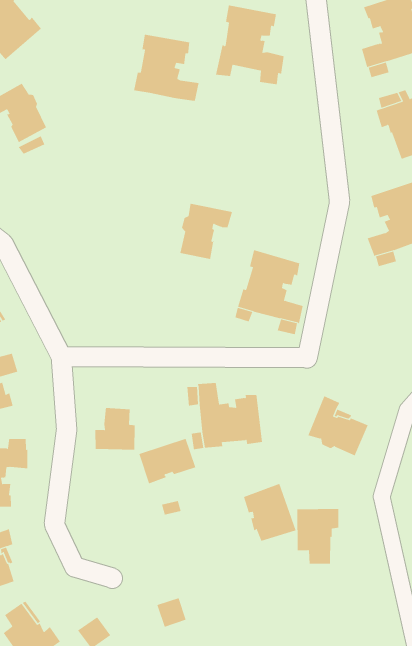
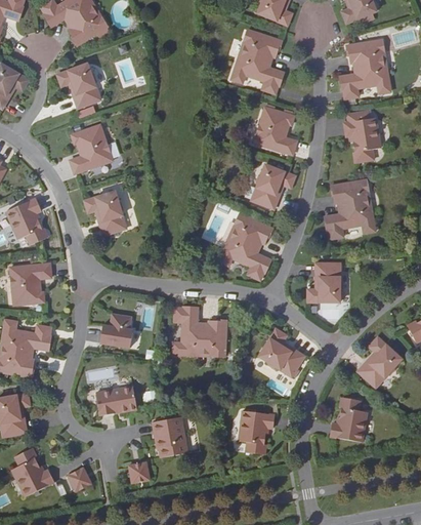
building: [134,34,199,101] -> none
building: none -> [254,107,296,154]
building: none -> [70,124,112,173]
building: [179,203,233,260] -> [251,164,295,208]
building: none -> [84,191,126,235]
building: none -> [307,262,341,301]
building: [139,438,196,484] -> [95,386,136,415]
building: [243,483,297,542] -> [152,415,187,456]

